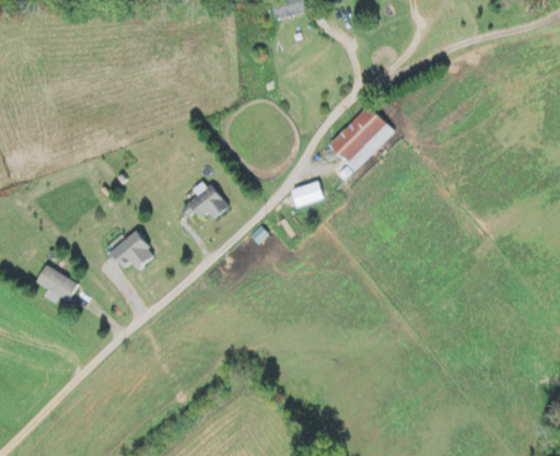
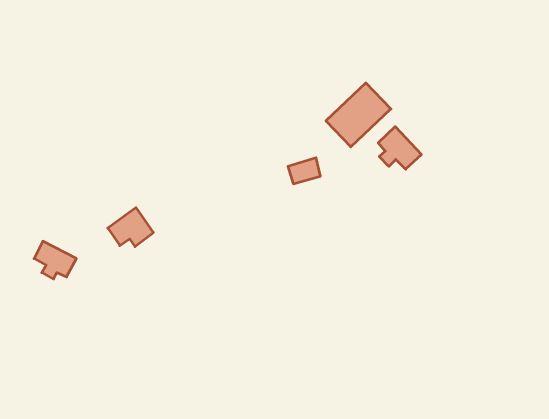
building: none -> [378,127,421,169]
building: [182,179,229,220] -> none

